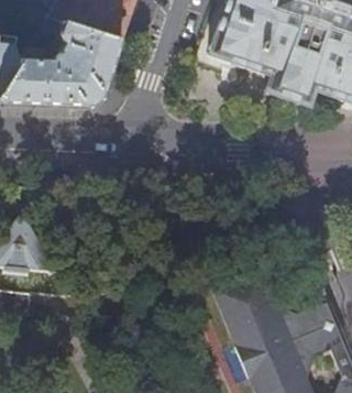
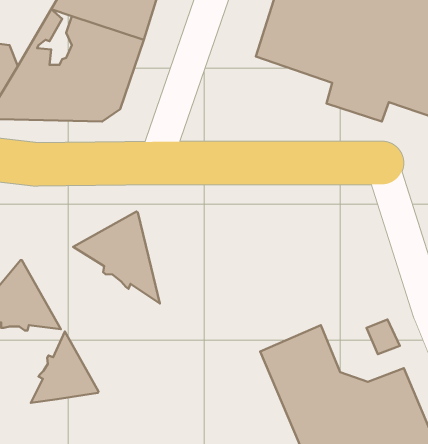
building: none -> [73,211,160,303]
building: none -> [31,332,98,403]

